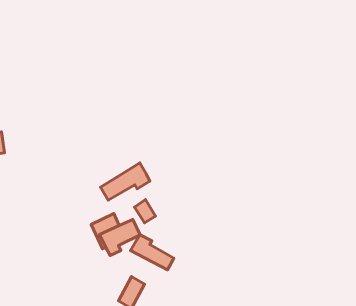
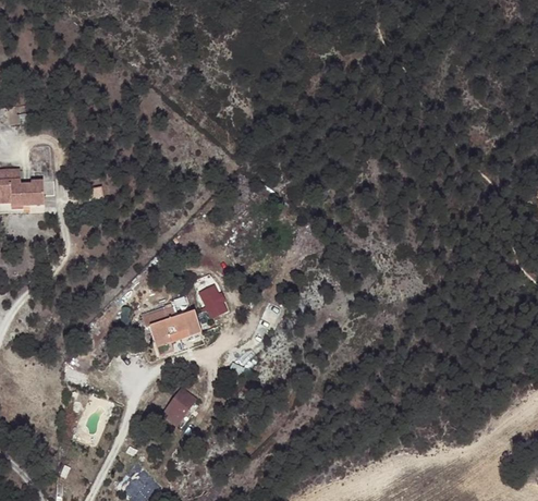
building: [100,163,150,200] -> none
building: [131,235,174,270] -> none

